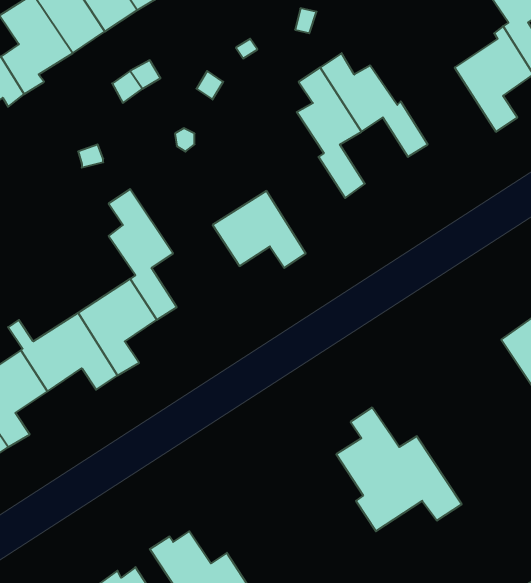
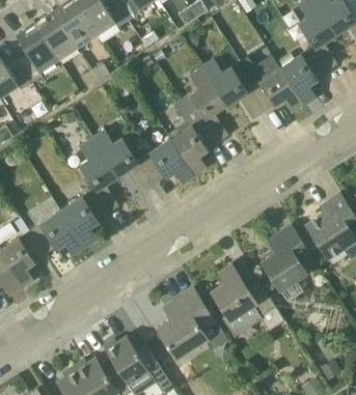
building: none -> [230,55,303,113]
building: none -> [170,94,216,176]
building: none -> [91,132,155,191]
building: none -> [261,226,311,291]
building: none -> [156,289,227,360]

